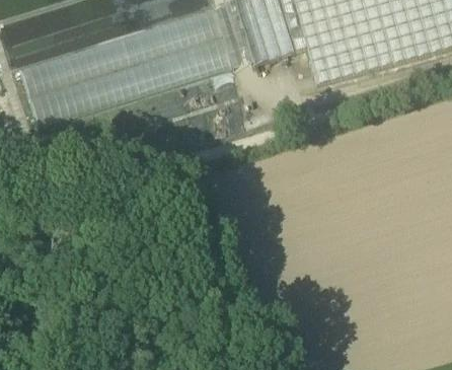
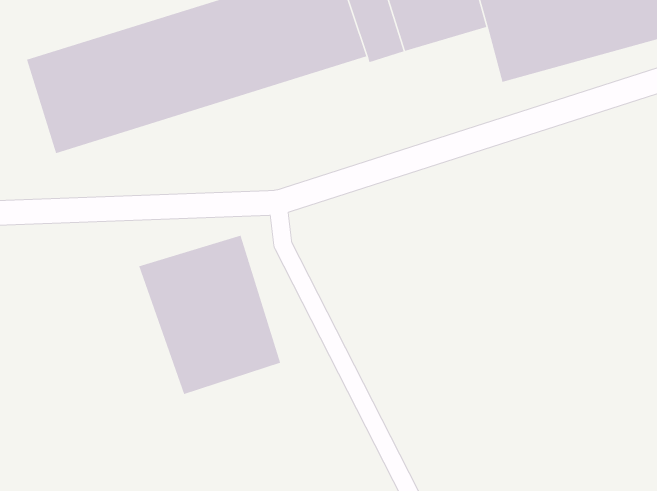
building: none -> [138,235,281,395]

